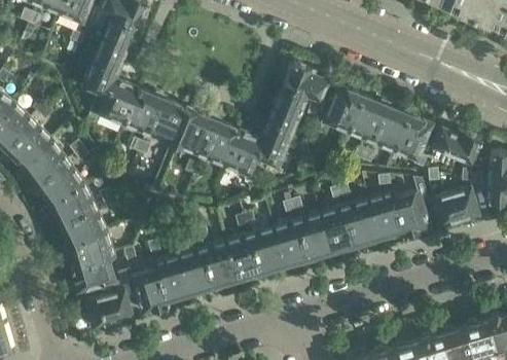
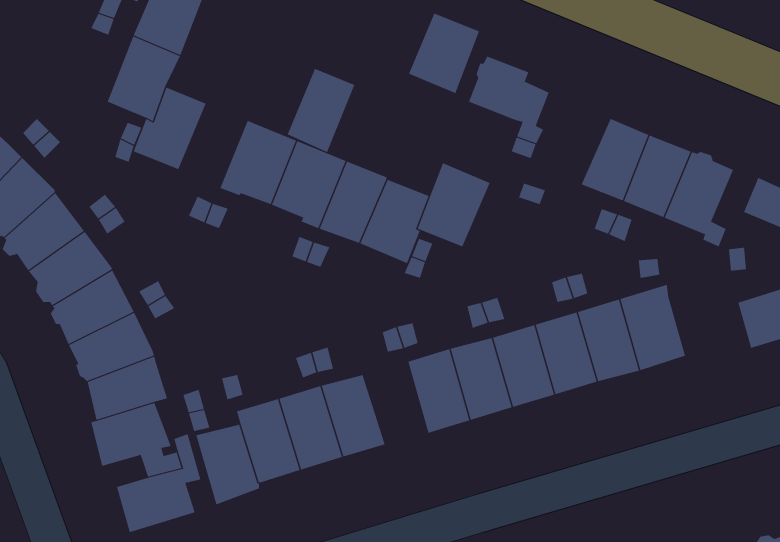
building: [324,86,363,134] -> none
building: [269,87,310,133] -> [408,13,480,94]
building: [122,88,160,136] -> [287,68,355,153]
building: [396,178,432,235] -> none
building: [225,232,261,279] -> none

